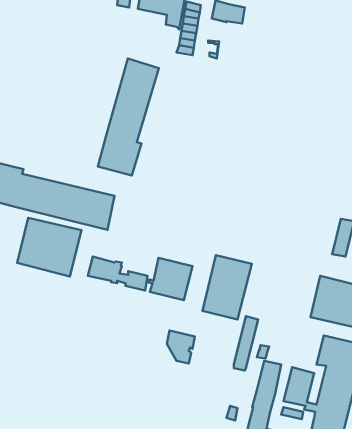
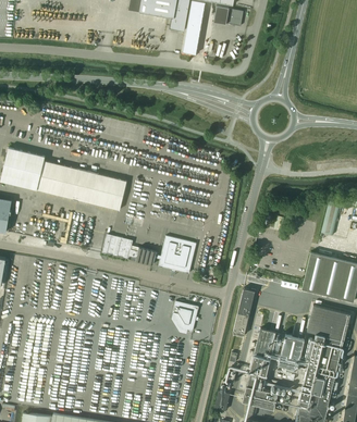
building: [98,59,159,176] -> none
building: [17,218,82,277] -> none
building: [203,255,252,319] -> none

